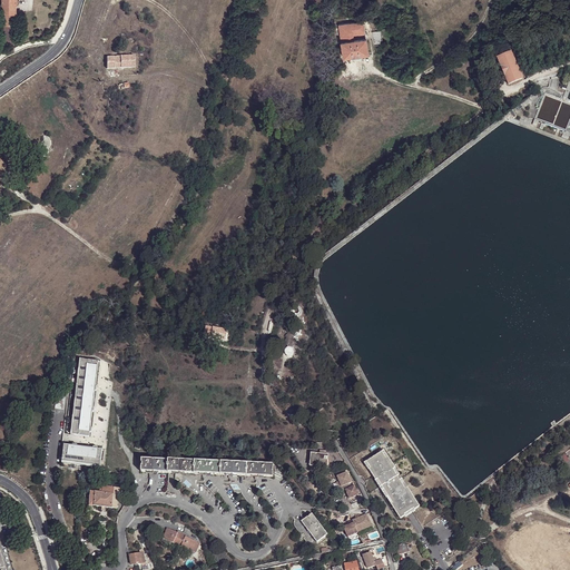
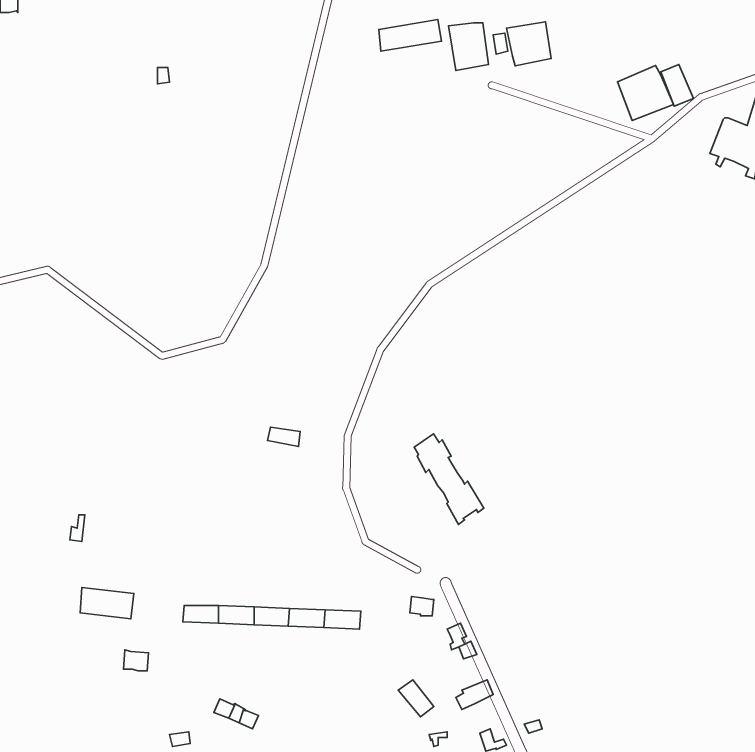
building: none -> [379,19,441,51]
building: none -> [507,22,551,66]
building: none -> [617,66,674,121]
building: [69,356,98,438] -> none
building: [365,449,417,517] -> [414,434,484,524]

